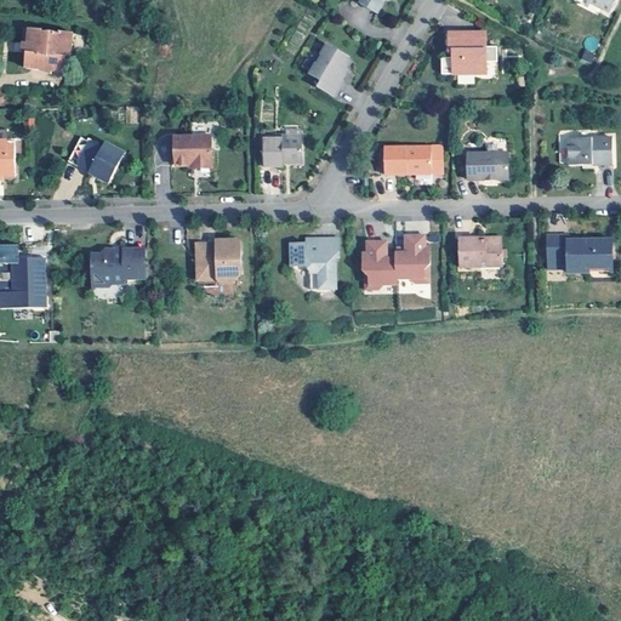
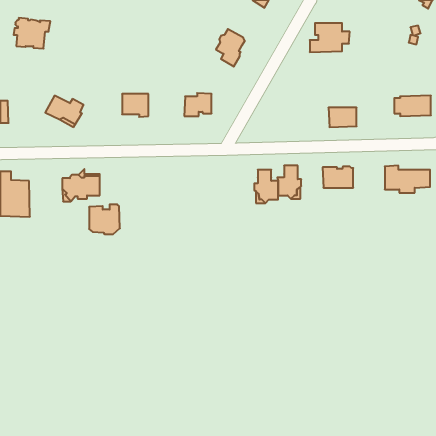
building: [383,146,443,175] -> none
building: [289,235,338,289] -> none
building: [195,240,239,283] -> [89,204,120,234]

